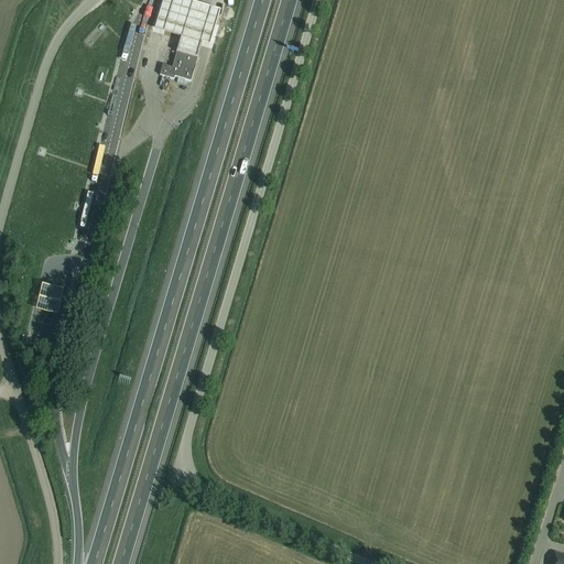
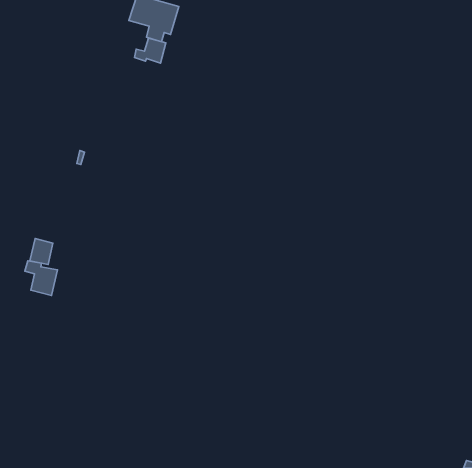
building: none -> [25,261,58,295]

